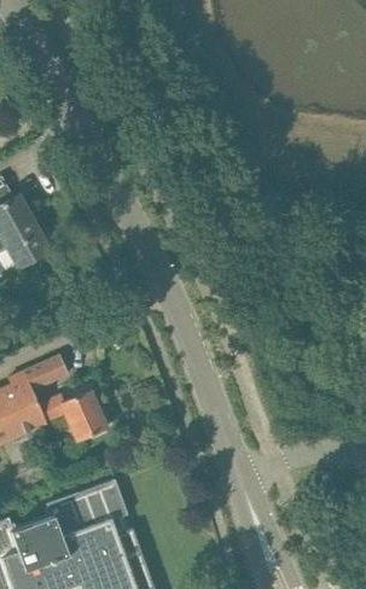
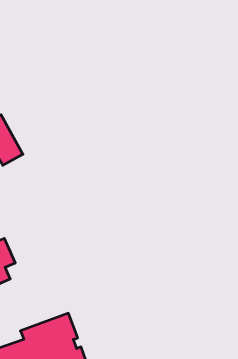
building: [22,356,66,391] -> none
building: [23,391,105,443] -> none

